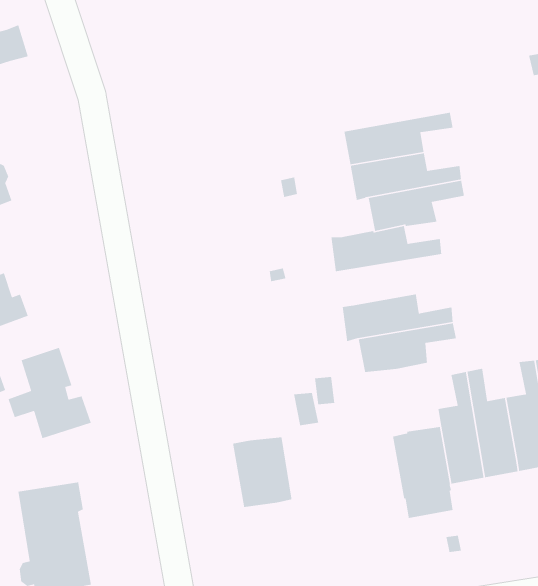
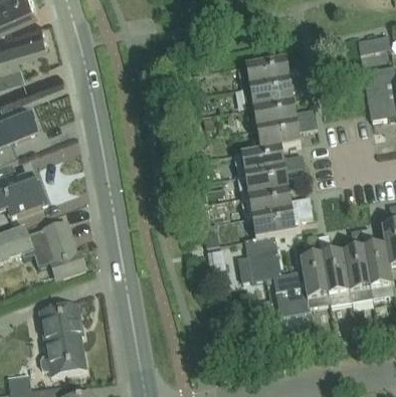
building: none -> [238,55,309,85]
building: none -> [237,162,306,194]
building: [232,437,292,508] -> [244,233,281,277]

